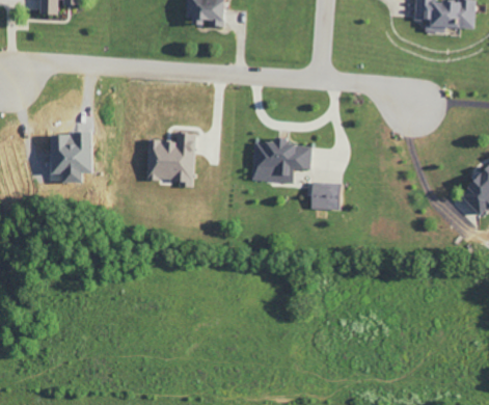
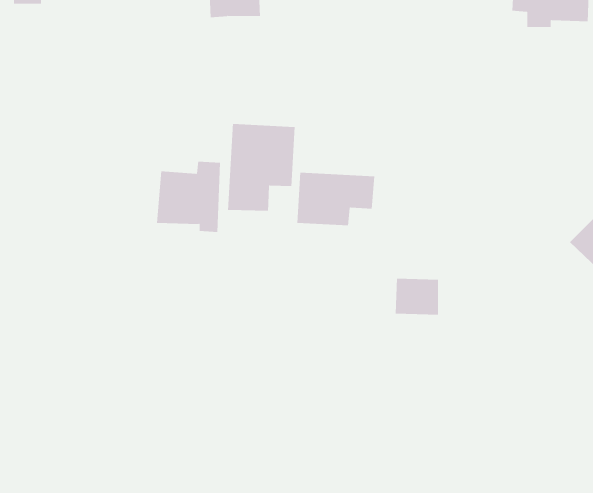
building: none -> [228,123,295,212]
building: [49,132,92,173] -> none
building: [310,182,344,210] -> [395,278,439,315]

